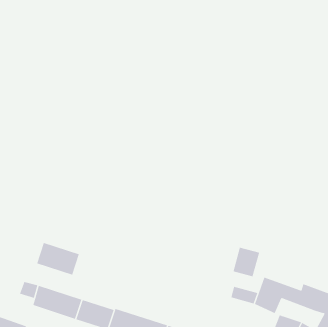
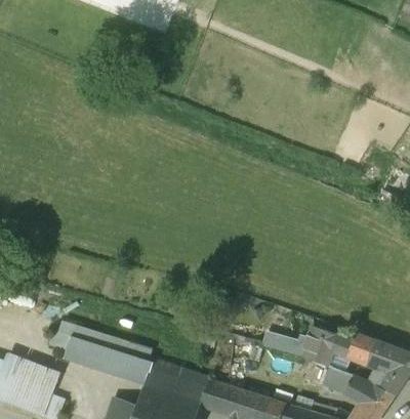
building: [37,242,79,276] -> none
building: [233,247,260,277] -> none

